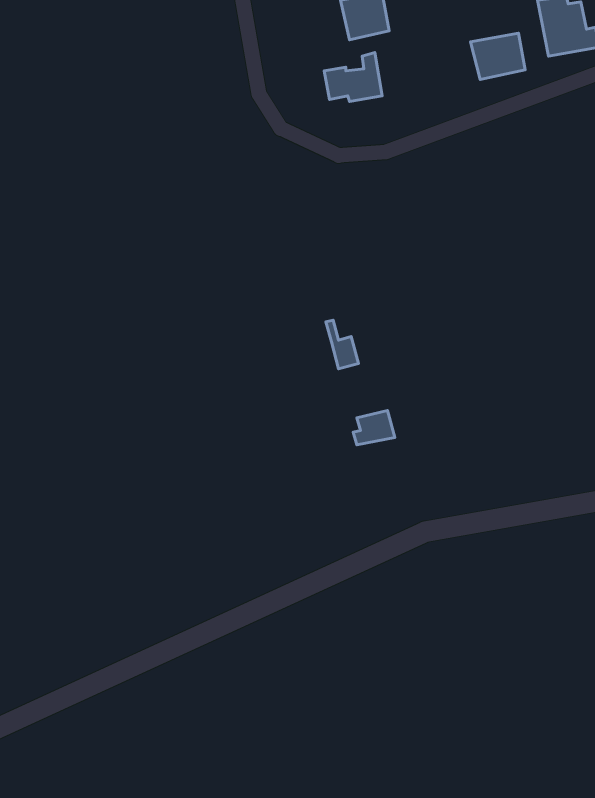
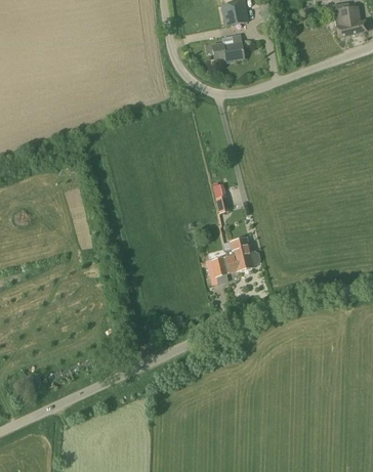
building: [471,33,525,79] -> none
building: none -> [211,249,260,276]

